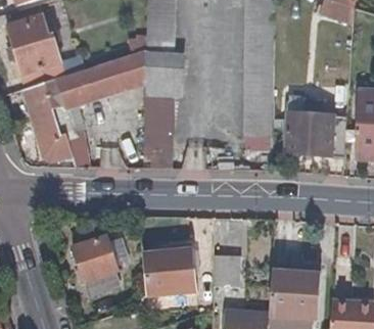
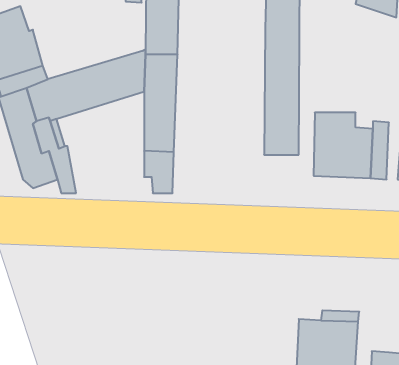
building: [73,237,121,298] -> none
building: [141,249,195,295] -> none
building: [213,254,240,287] -> none

